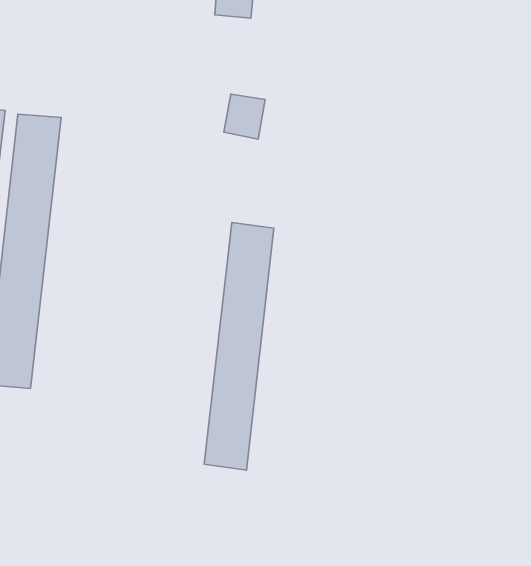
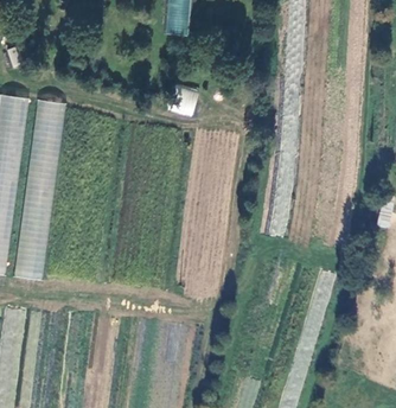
building: [204,222,274,470] -> none

